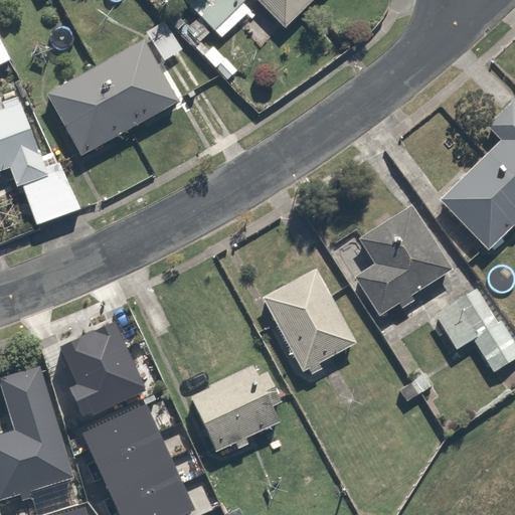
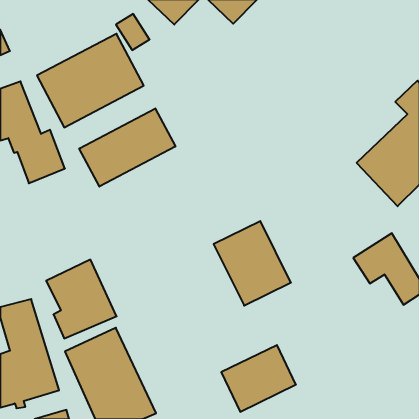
building: none -> [79,108,175,187]
building: [353,202,454,317] -> none
building: [191,370,283,452] -> [221,345,296,412]

